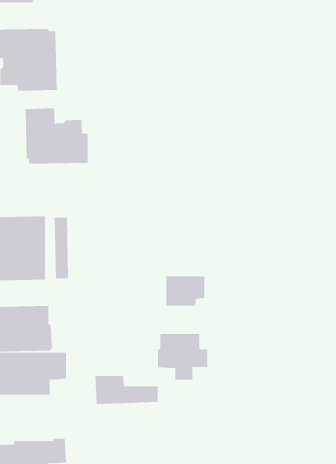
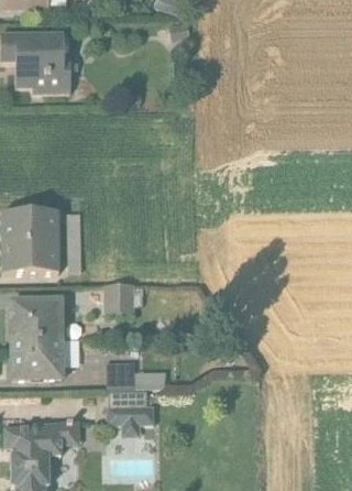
building: [25,108,88,165] -> none
building: [166,276,205,306] -> [104,283,142,312]
building: [157,334,208,380] -> [106,391,154,435]

